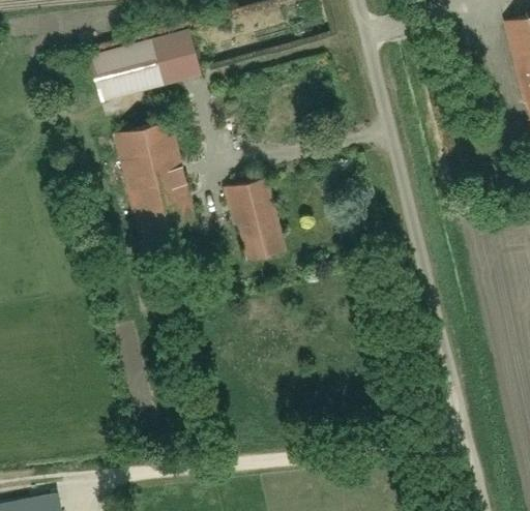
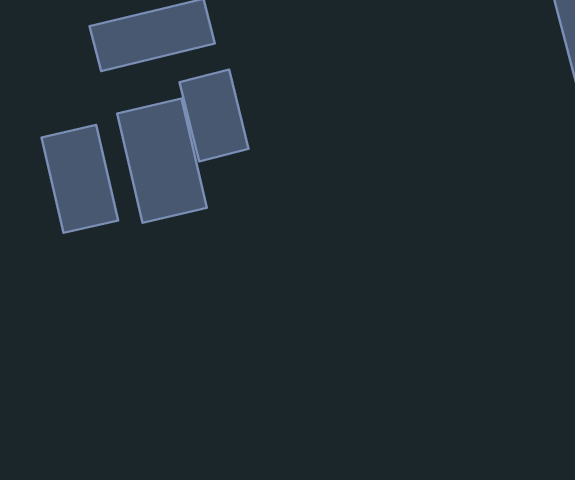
building: none -> [41,125,118,233]
building: [224,179,286,262] -> [180,69,249,161]

